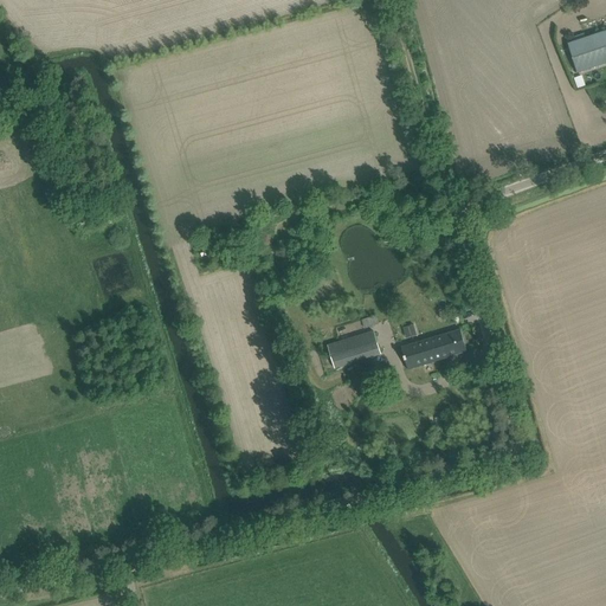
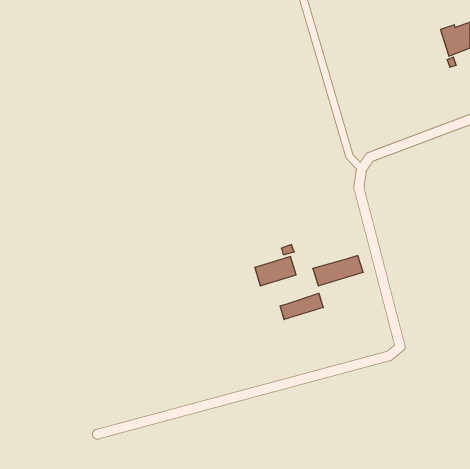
building: none -> [280,293,323,320]

